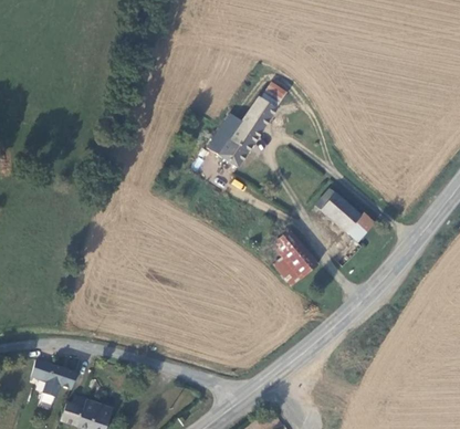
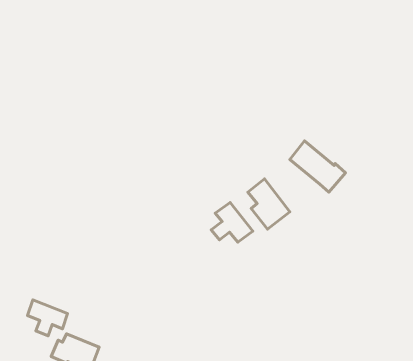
building: [208,81,288,167] -> none
building: none -> [211,202,253,242]

